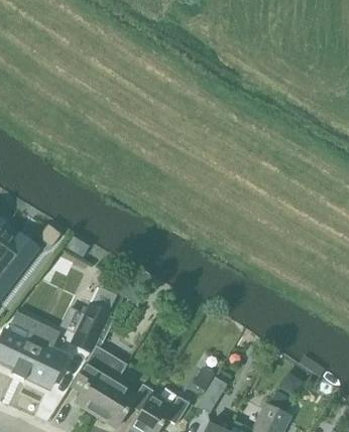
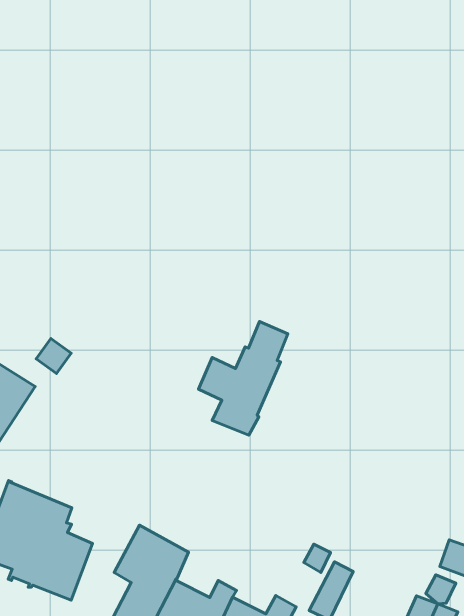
building: [59,286,117,356] -> [199,321,288,435]

